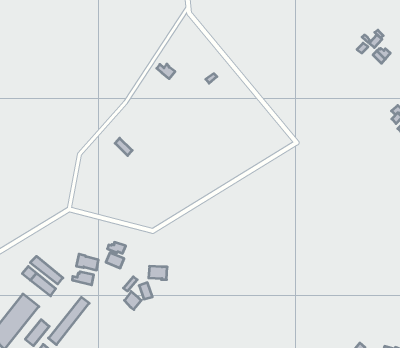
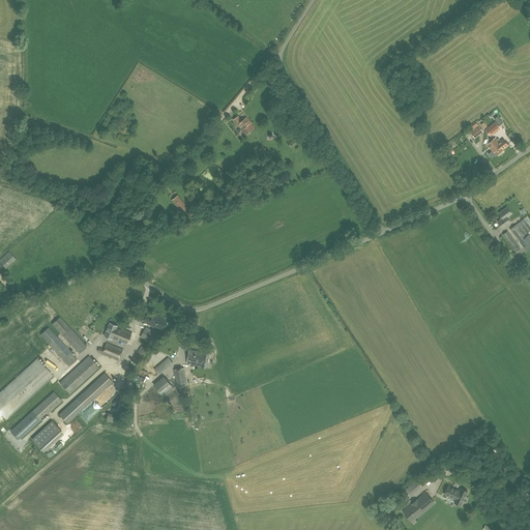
building: none -> [58,356,98,393]

